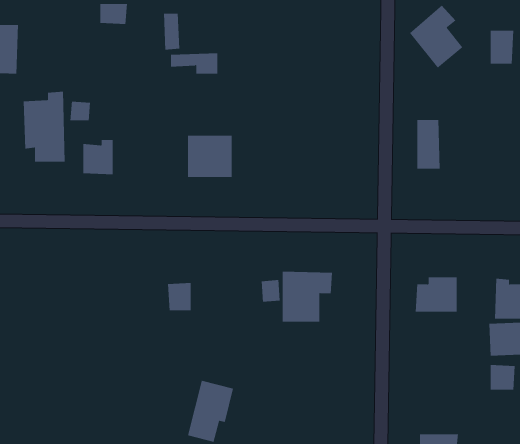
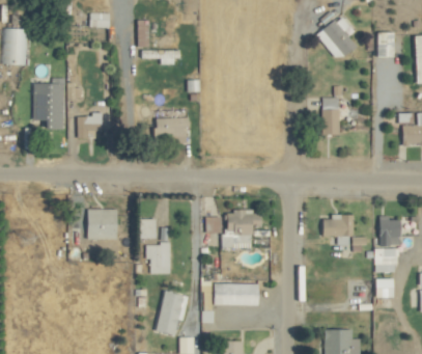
building: none -> [87,209,117,239]
building: none -> [147,244,172,274]
building: none -> [215,283,258,305]

